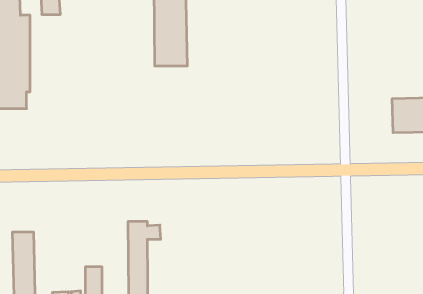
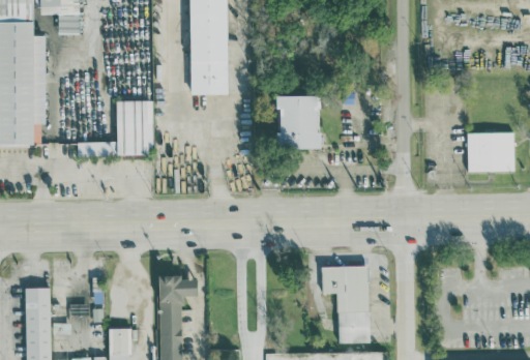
building: none -> [277,95,321,149]
building: none -> [78,100,154,156]
building: none -> [322,266,370,343]

